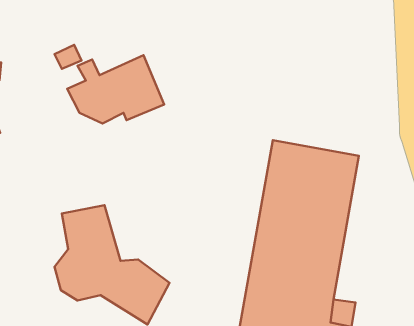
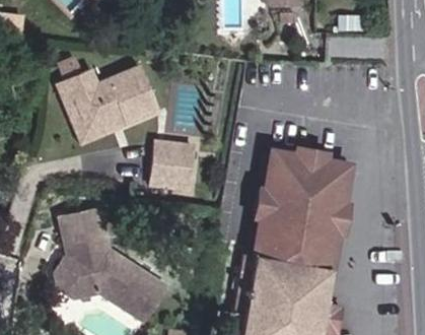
building: none -> [61,73,130,145]
building: none -> [160,138,202,194]

